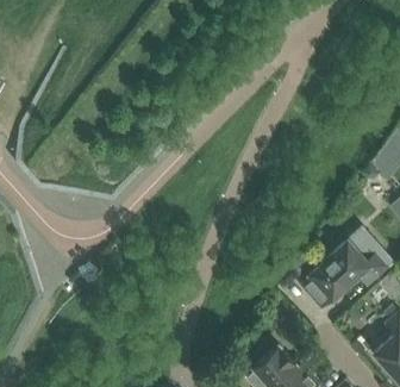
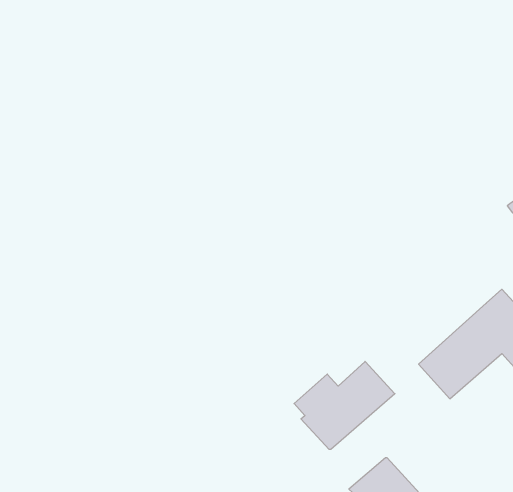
building: none -> [294,361,395,449]

